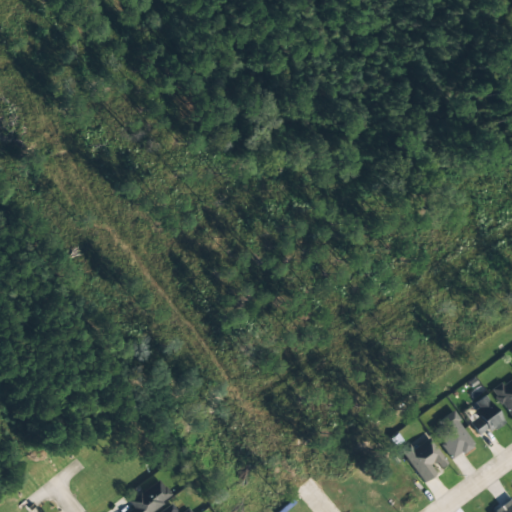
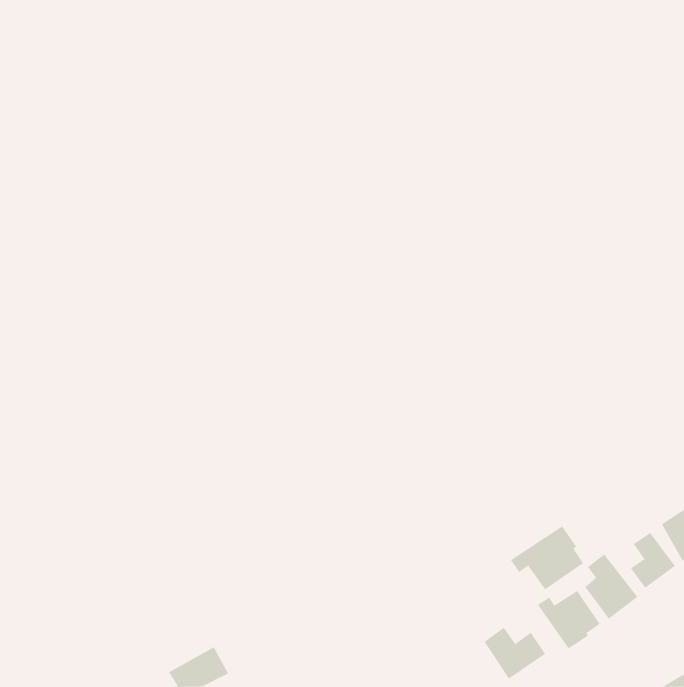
building: none -> [510,525,584,590]
building: none -> [484,627,546,679]

